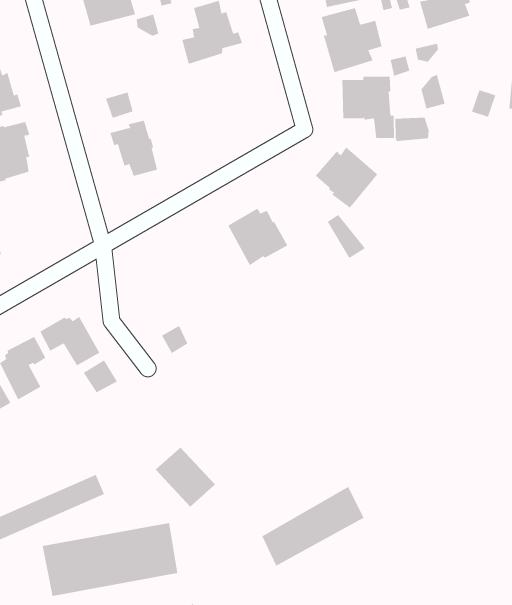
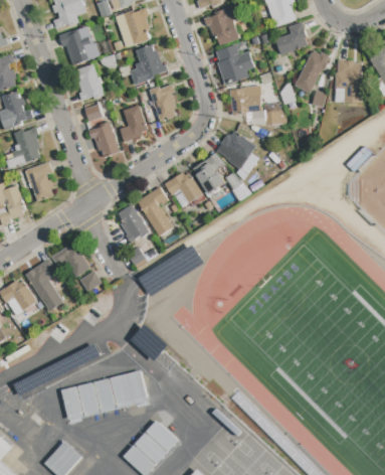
building: none -> [295,51,329,94]
building: none -> [77,64,104,101]
building: none -> [150,85,177,122]
building: none -> [120,105,148,142]
building: none -> [27,162,54,201]
building: none -> [192,153,226,194]
building: none -> [138,187,174,236]
building: none -> [119,205,150,243]
building: [261,486,365,566] -> [139,243,202,295]

